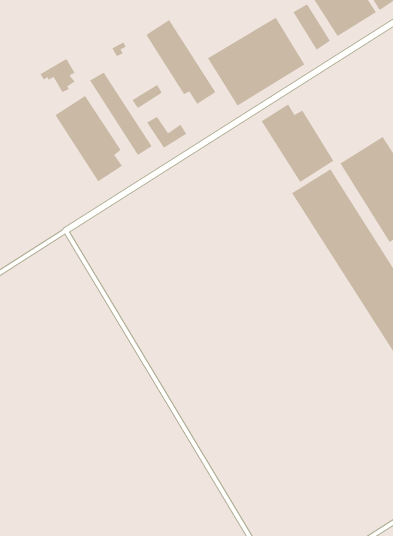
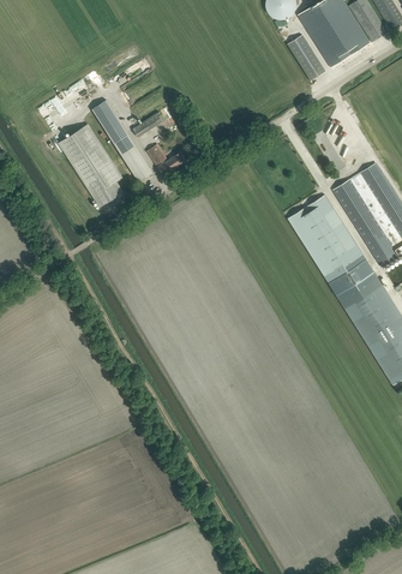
building: [207,17,305,107] -> none
building: [146,19,216,105] -> none
building: [261,103,334,183] -> none

